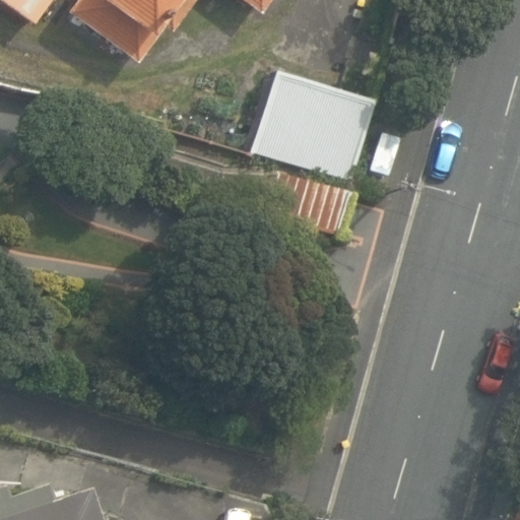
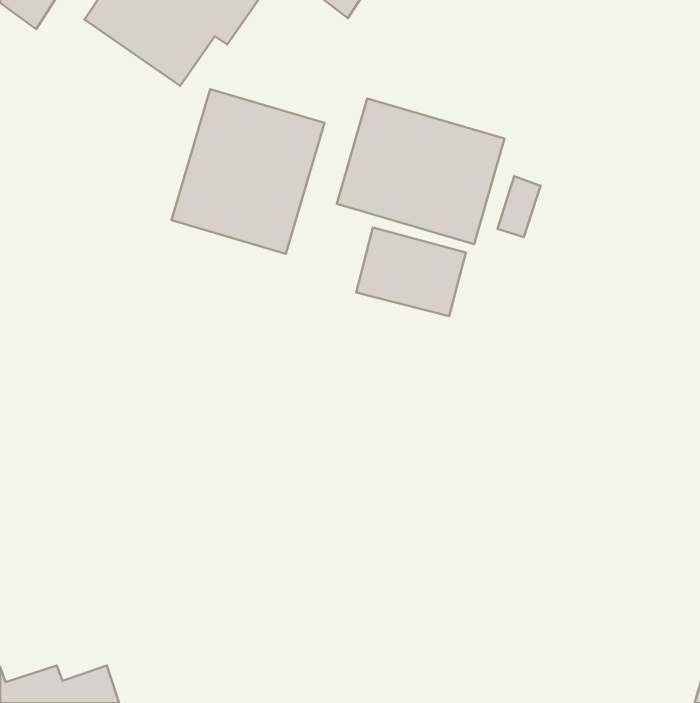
building: none -> [171,89,324,254]

